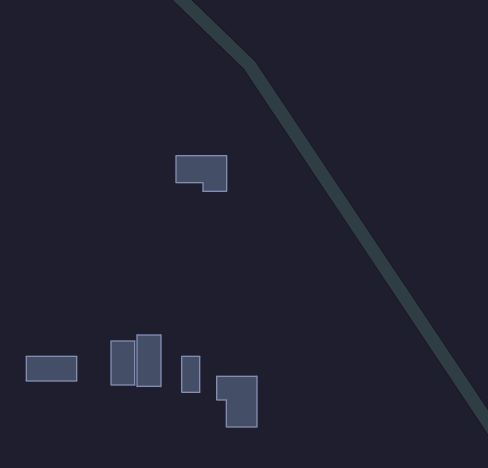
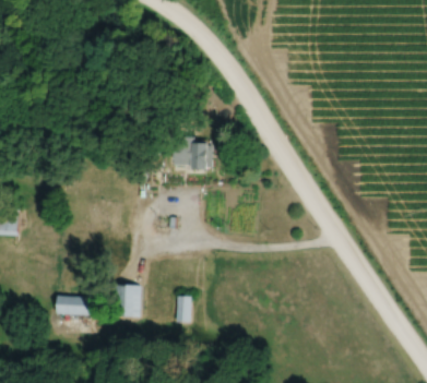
building: [137,335,161,387] -> none
building: [217,376,257,427] -> none

